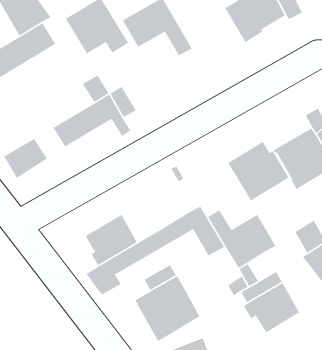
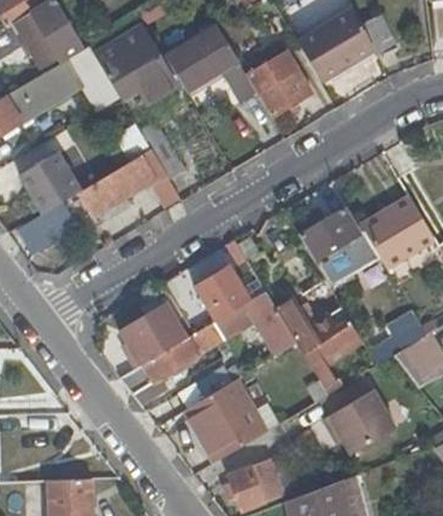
building: none -> [66,45,120,111]
building: none -> [247,51,313,117]
building: none -> [19,149,84,213]
building: none -> [196,265,249,321]

